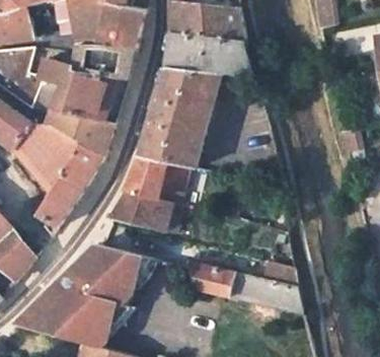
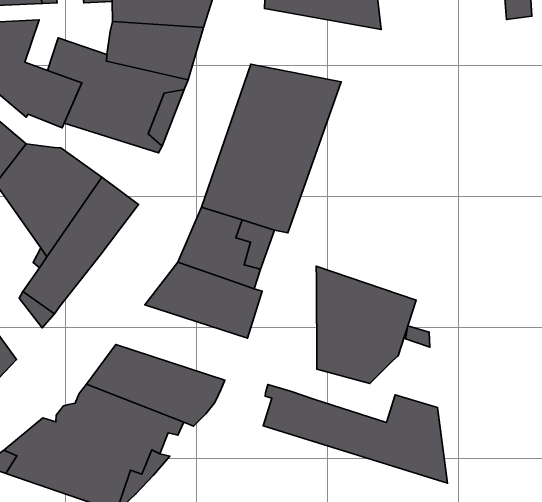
building: [163,30,251,75] -> none
building: [47,109,110,155] -> none
building: none -> [316,266,416,384]

